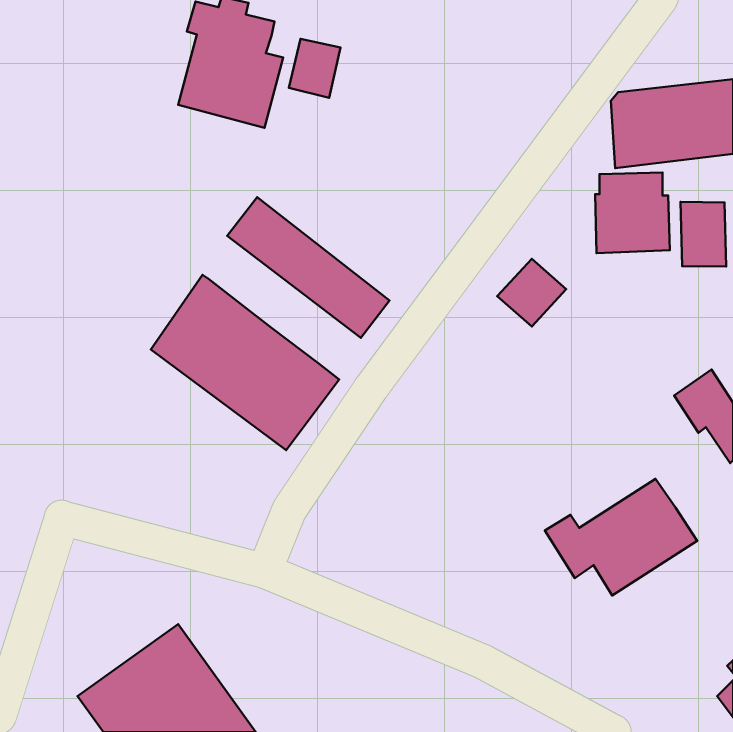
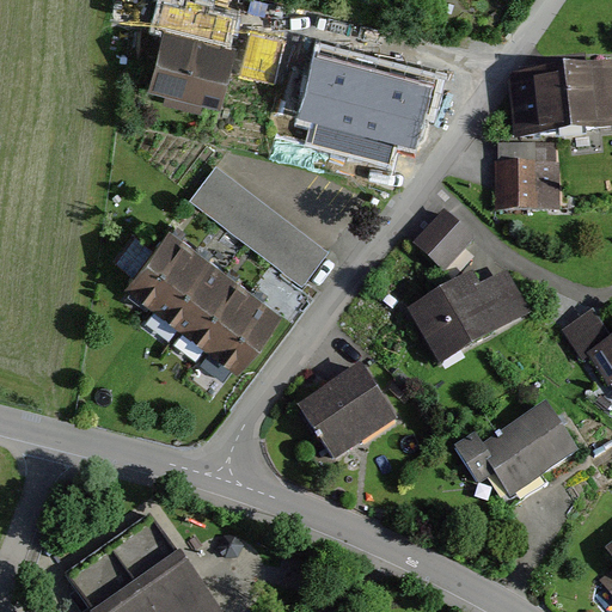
building: none -> [295,47,435,166]
building: [681,202,726,266] -> none
building: none -> [409,274,530,367]
building: none -> [296,361,397,459]

